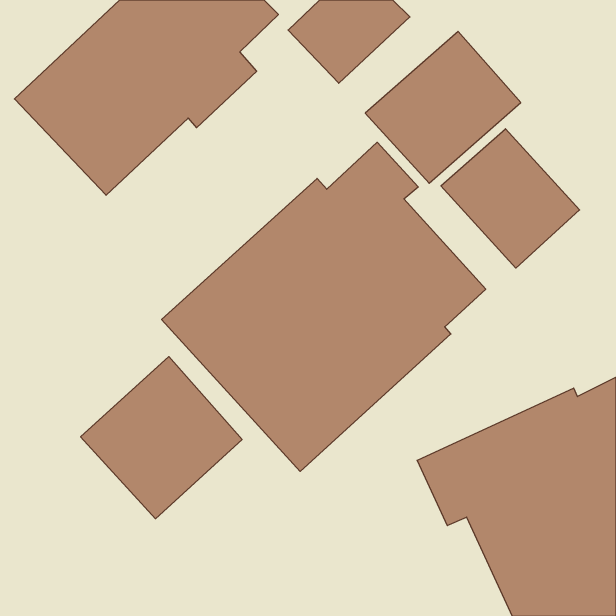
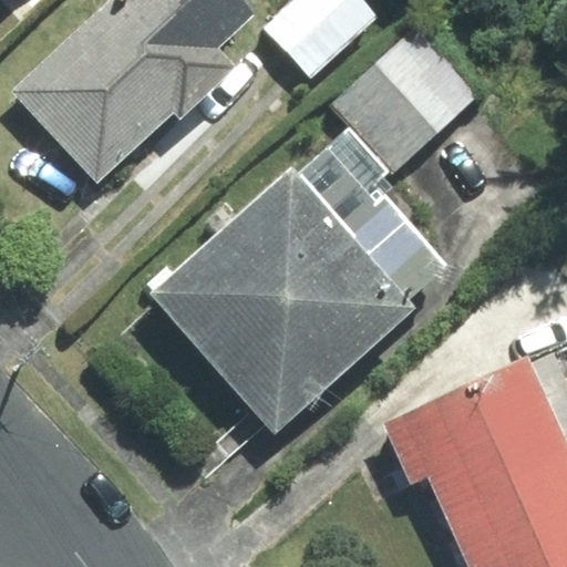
building: [441,129,580,268] -> none
building: [81,357,242,519] -> none

